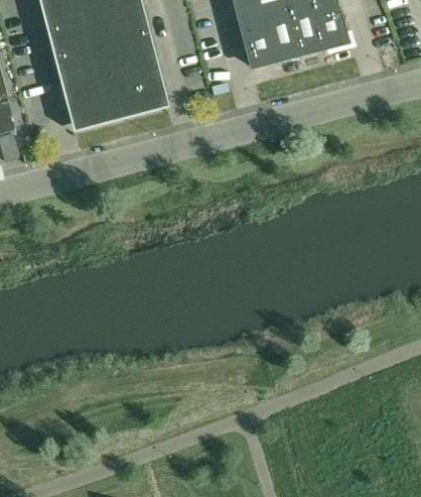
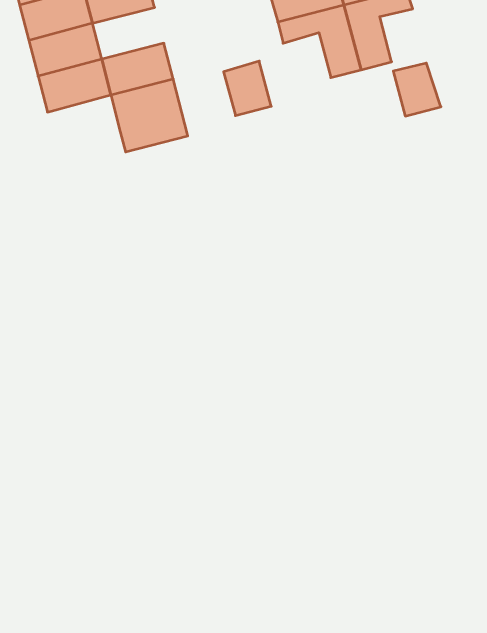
building: [96,8,150,47] -> none
building: [314,9,350,49] -> [393,63,441,116]
building: [241,27,277,69] -> [224,61,271,116]
building: [61,75,121,130] -> none

